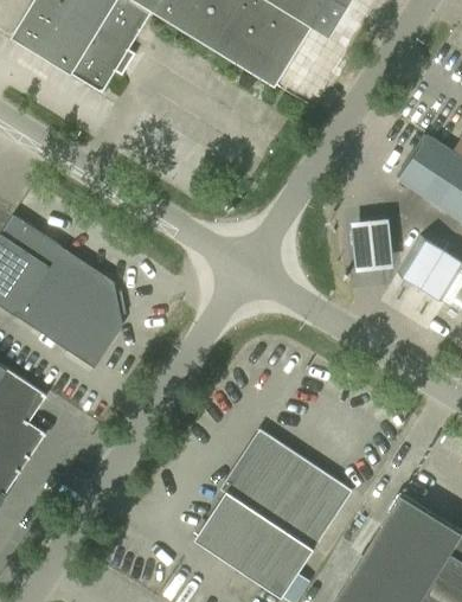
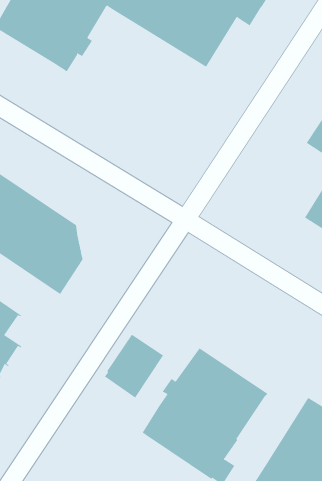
building: [351,209,392,262] -> none
building: none -> [104,334,164,399]

